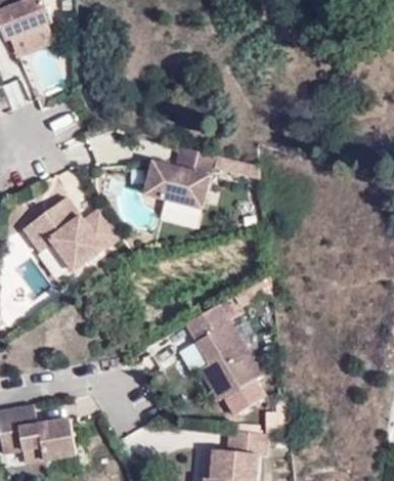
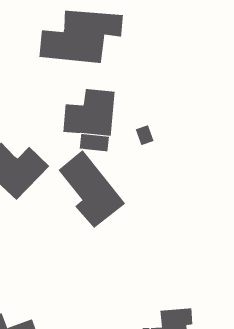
building: none -> [39,10,123,64]
building: [183,305,260,403] -> [57,149,126,229]

